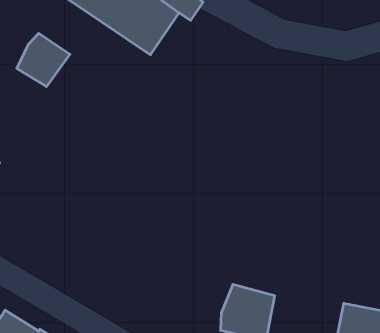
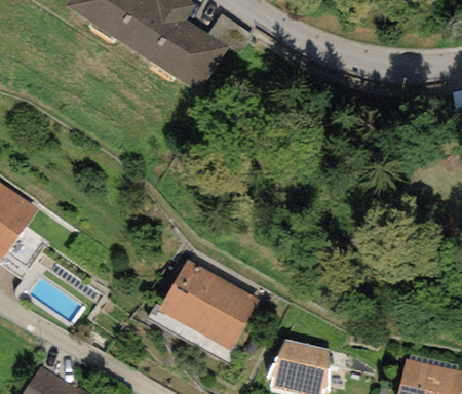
building: [17,33,70,87] -> none
building: none -> [159,261,258,349]

